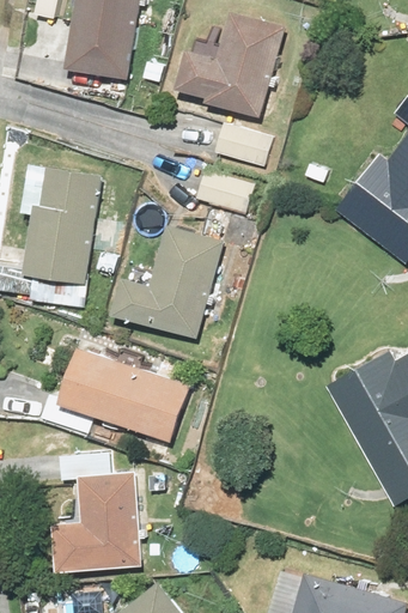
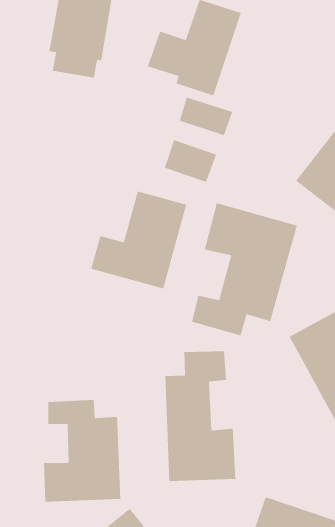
building: [20,168,97,302] -> none
building: none -> [191,202,298,336]
building: [39,339,190,441] -> none
building: none -> [164,350,236,482]

